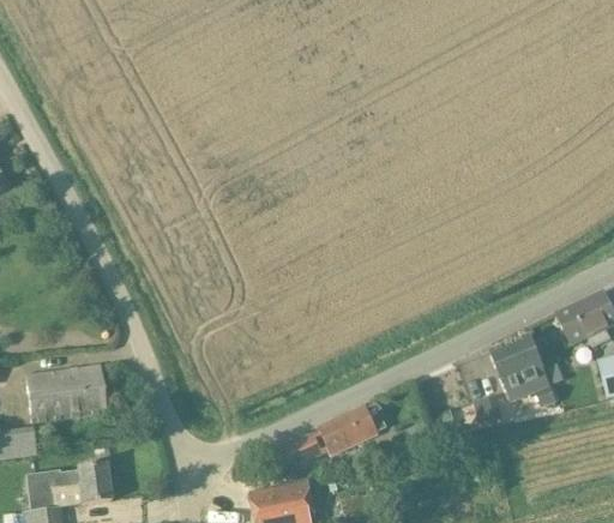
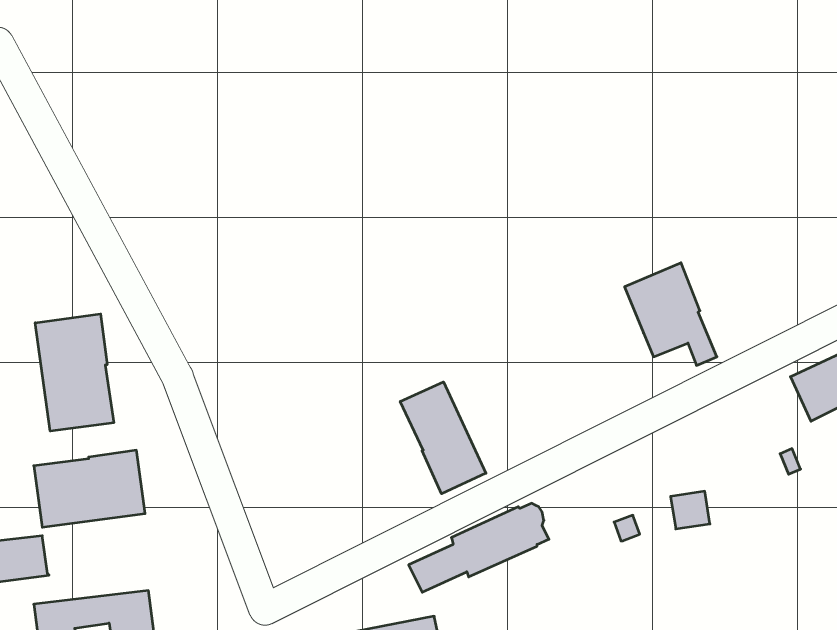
building: none -> [35,314,114,431]
building: none -> [400,382,486,494]
building: [492,336,556,408] -> [625,263,717,365]

